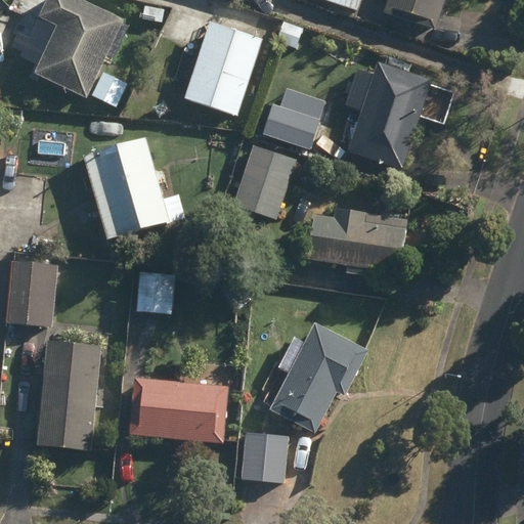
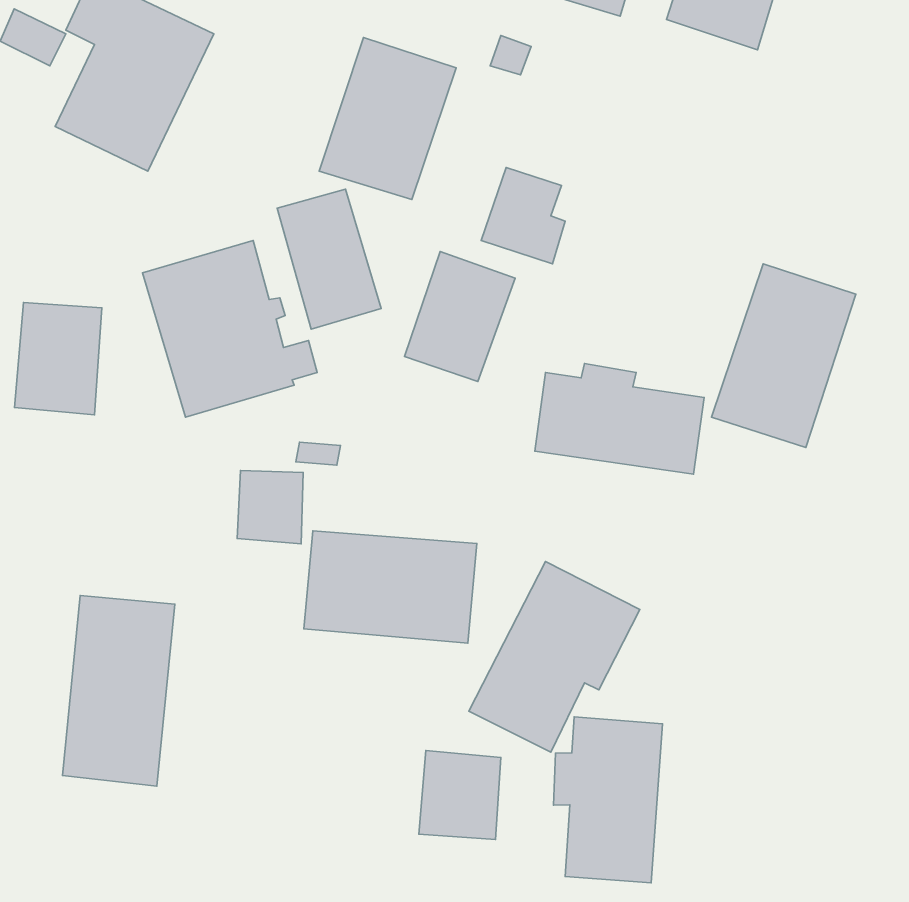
building: [348,62,431,168] -> [711,264,856,447]
building: none -> [277,189,381,329]
building: [6,261,56,325] -> [14,302,102,415]
building: [129,378,228,442] -> [304,531,477,643]
building: none -> [553,717,662,883]

